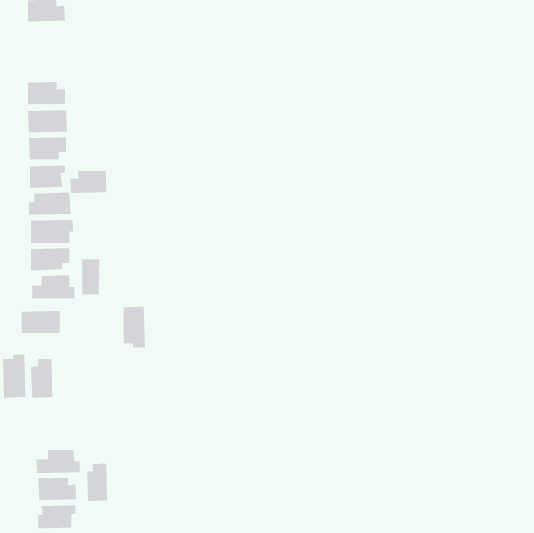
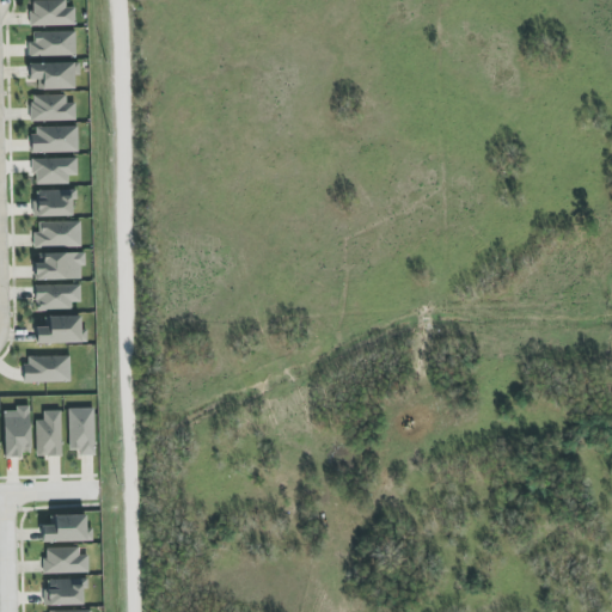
building: none -> [30,30,75,55]
building: none -> [29,61,79,88]
building: [70,170,107,194] -> none
building: [82,258,100,295] -> none
building: [123,306,146,348] -> [68,406,94,454]
building: [87,463,108,502] -> none

